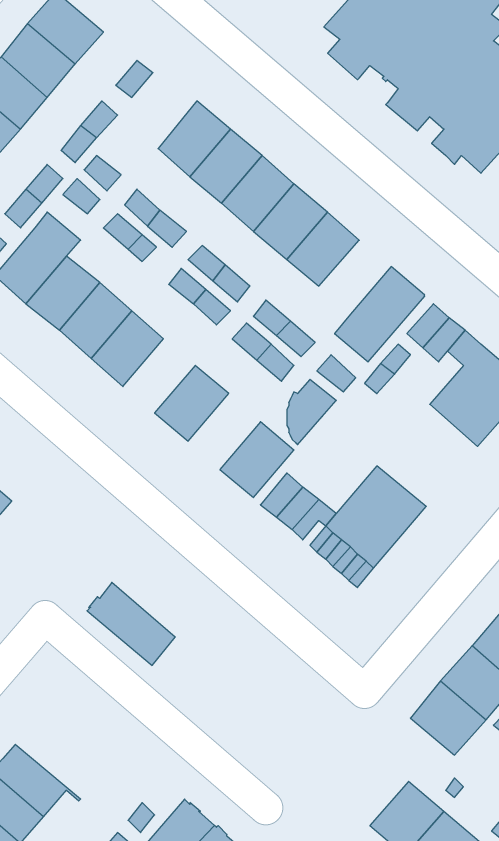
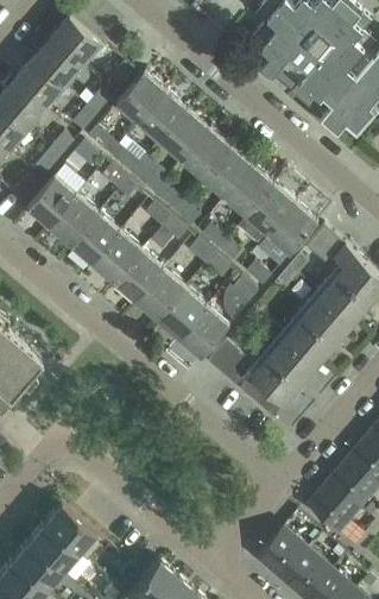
building: none -> [115,72,164,124]
building: none -> [238,185,295,245]
building: none -> [114,252,163,302]
building: none -> [158,289,207,340]
building: none -> [285,296,353,365]
building: [87,582,175,665] -> [42,506,101,562]
building: none -> [257,529,307,580]

